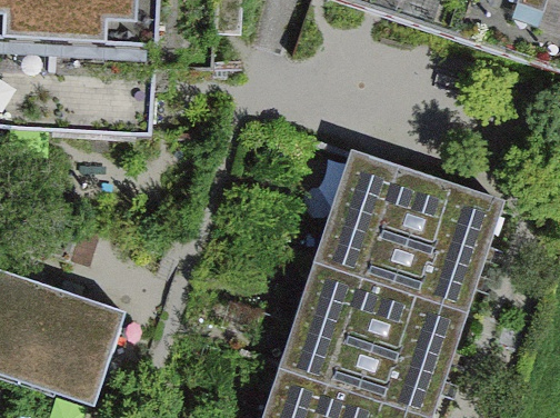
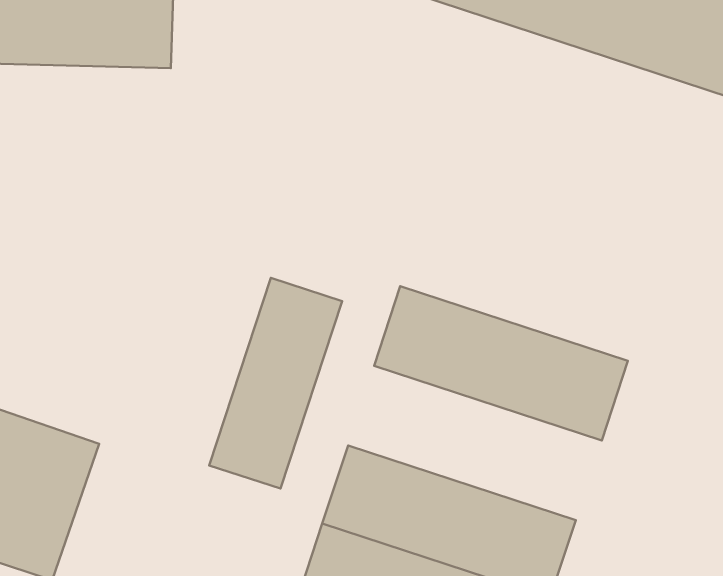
building: [331,149,504,253] -> none
building: none -> [209,278,342,489]
building: [296,257,469,362] -> none

